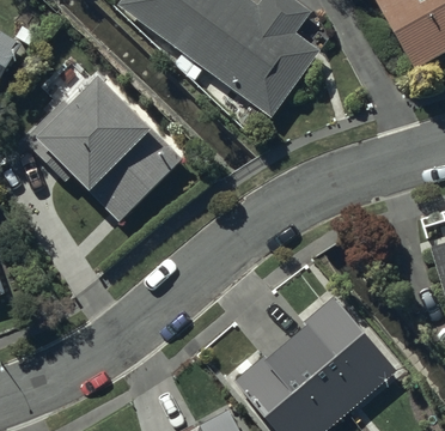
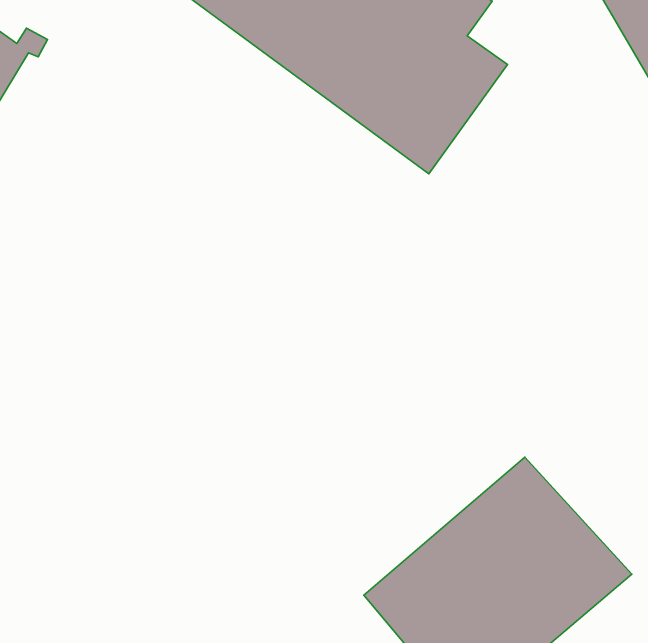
building: [24,69,183,223] -> none

